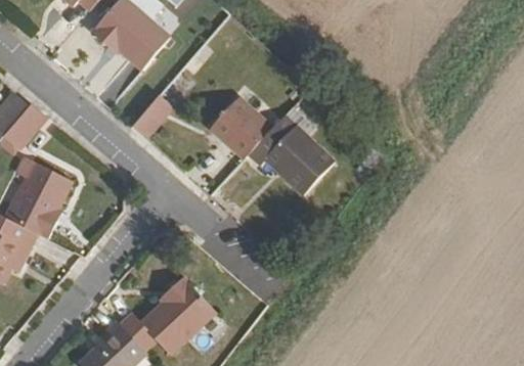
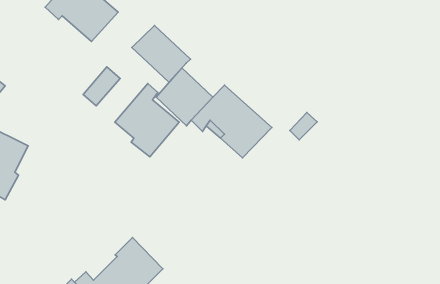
building: none -> [132,26,191,82]
building: none -> [115,84,179,157]

